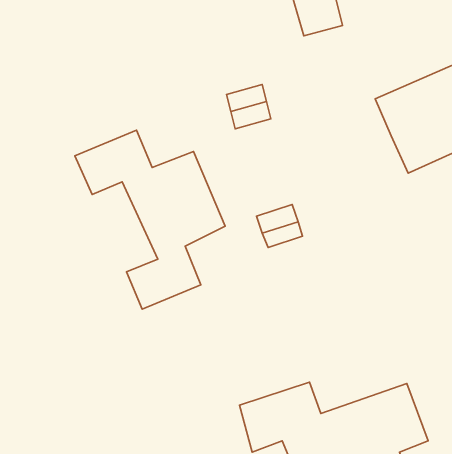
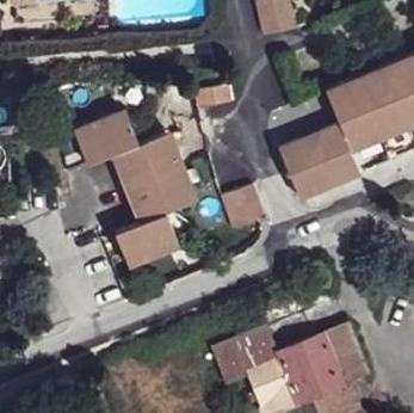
building: none -> [278,119,359,197]

